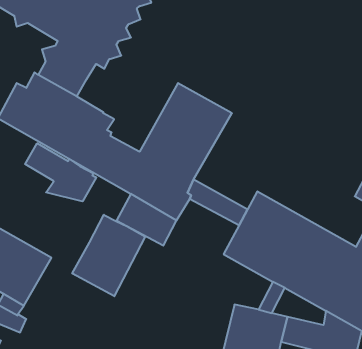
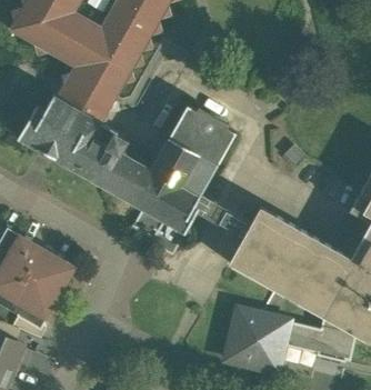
building: [25,143,96,201] -> none
building: [72,215,145,296] -> none

